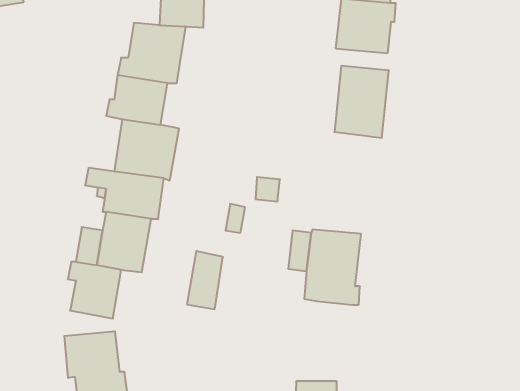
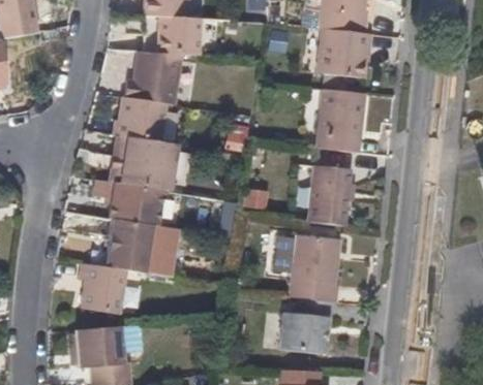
building: none -> [306,166,351,225]
building: [187,251,223,309] -> [144,226,176,278]
building: none -> [278,299,332,354]

